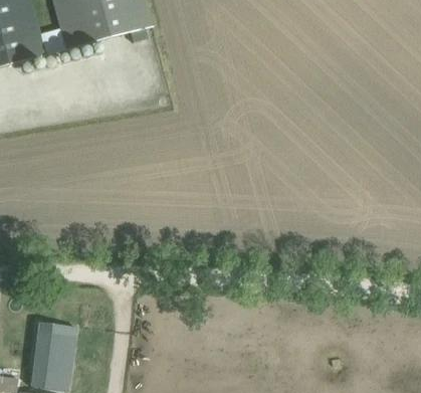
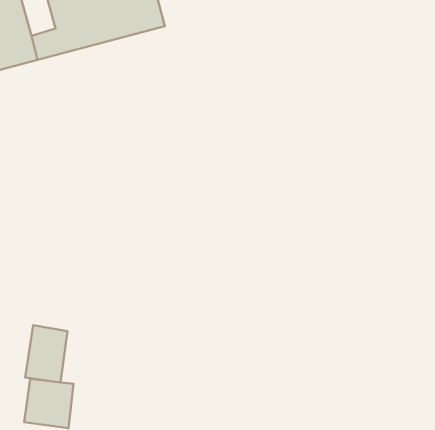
building: none -> [25,325,67,382]

